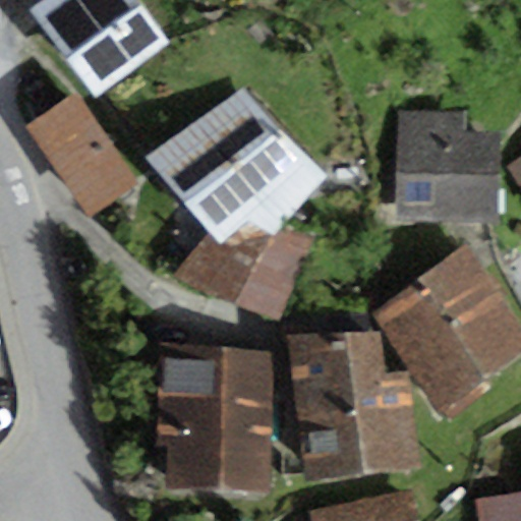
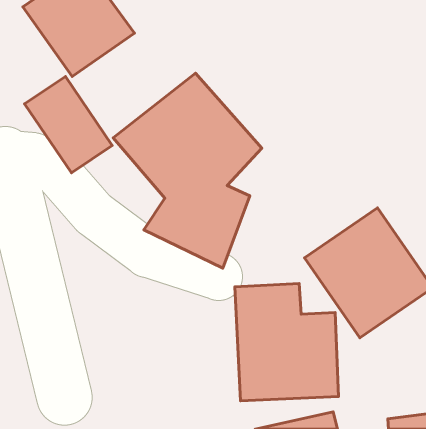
building: [394,109,499,226] -> none
building: [161,354,269,488] -> none

